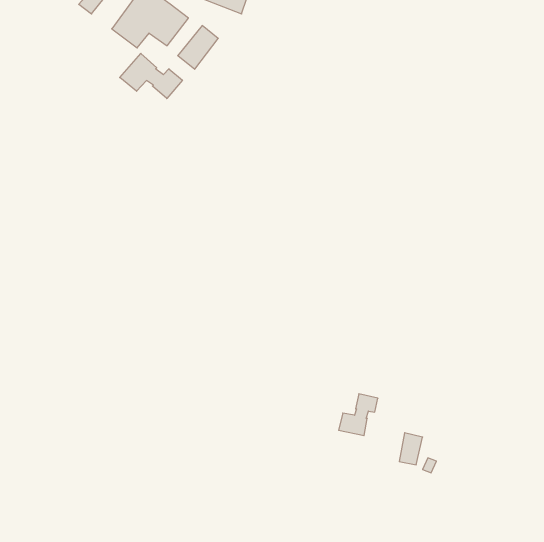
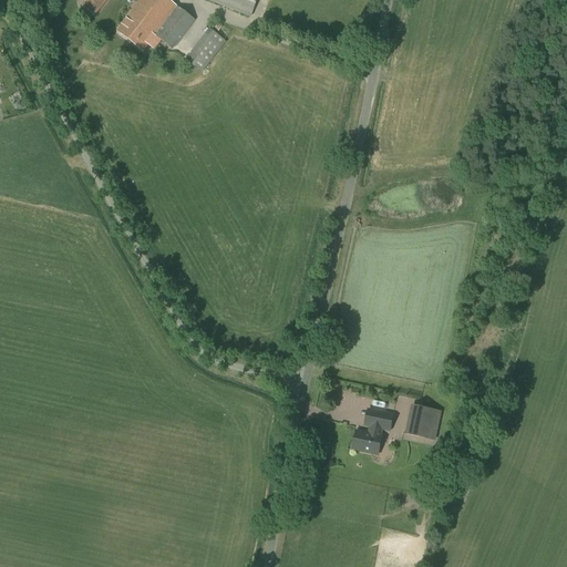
building: [120,53,182,99] -> none
building: [399,433,423,465] -> [408,403,432,436]

